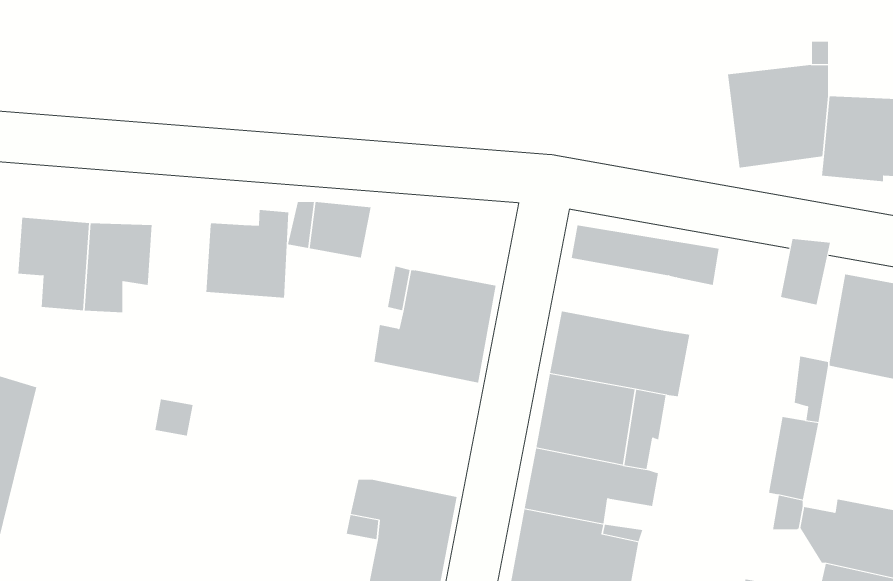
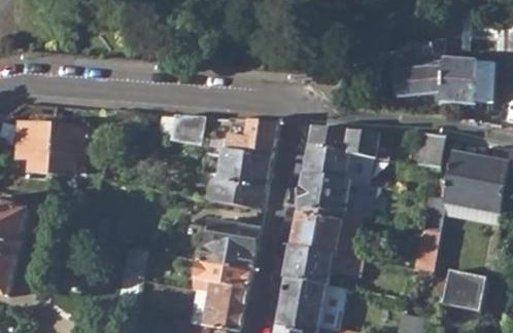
building: [206,209,289,298] -> none
building: none -> [226,119,275,157]
building: none -> [303,143,362,181]
building: none -> [203,220,255,268]

